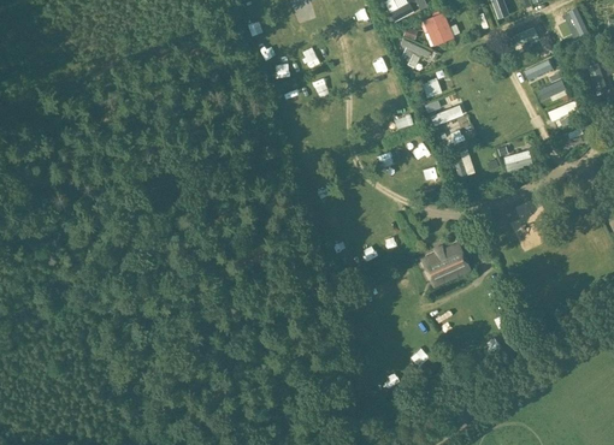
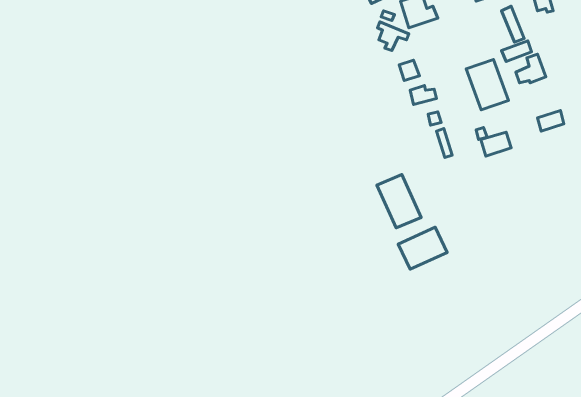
building: none -> [466,59,509,110]
building: none -> [377,175,421,228]

